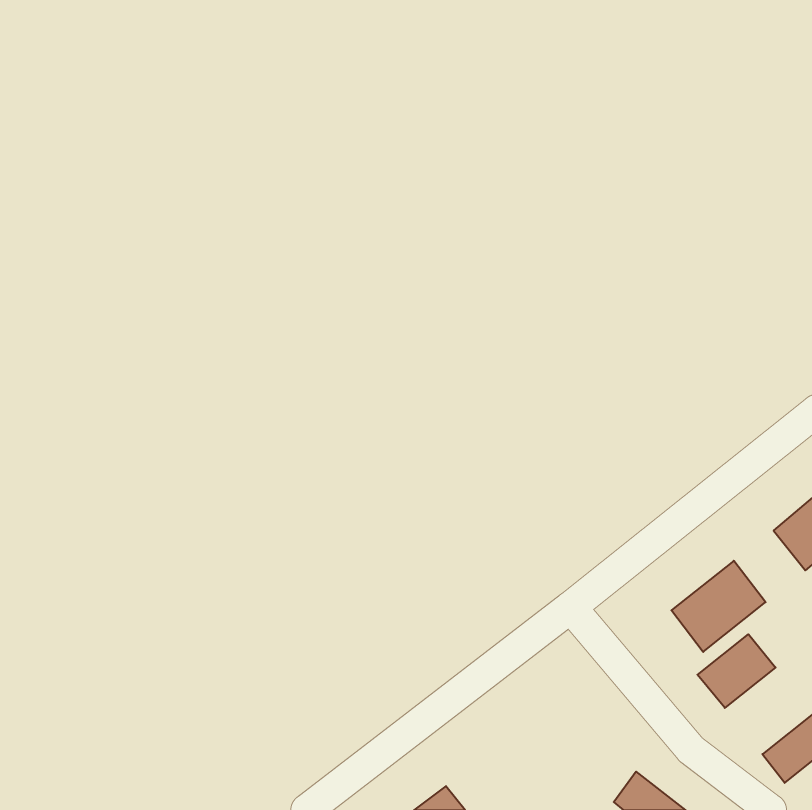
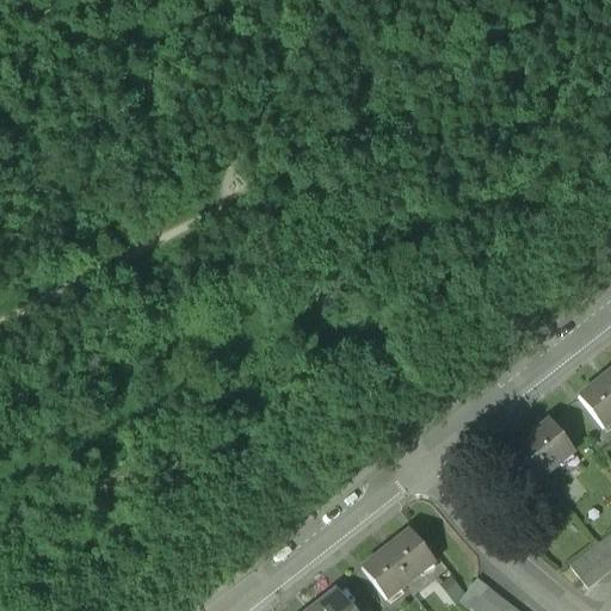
building: [697,634,776,708] -> none
building: none -> [364,530,436,597]

